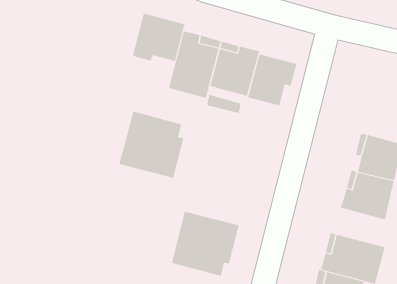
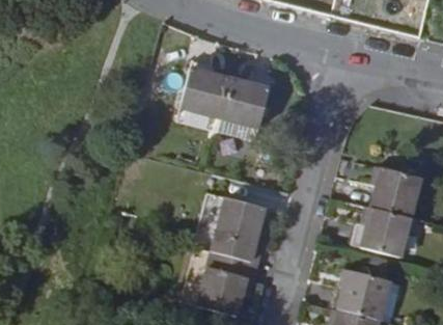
building: [132,13,185,62] -> none
building: [247,54,297,106] -> none
building: [119,111,184,178] -> [195,193,262,263]

